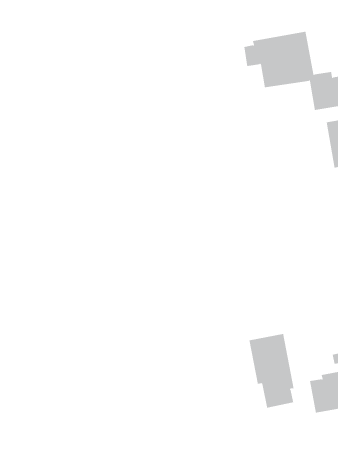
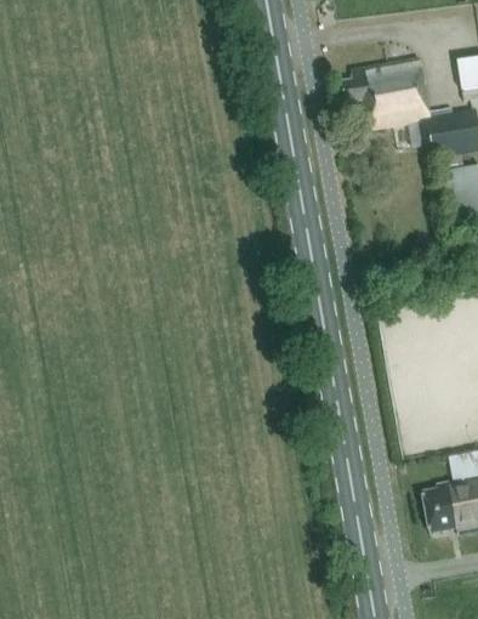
building: [249,333,294,408] -> none

